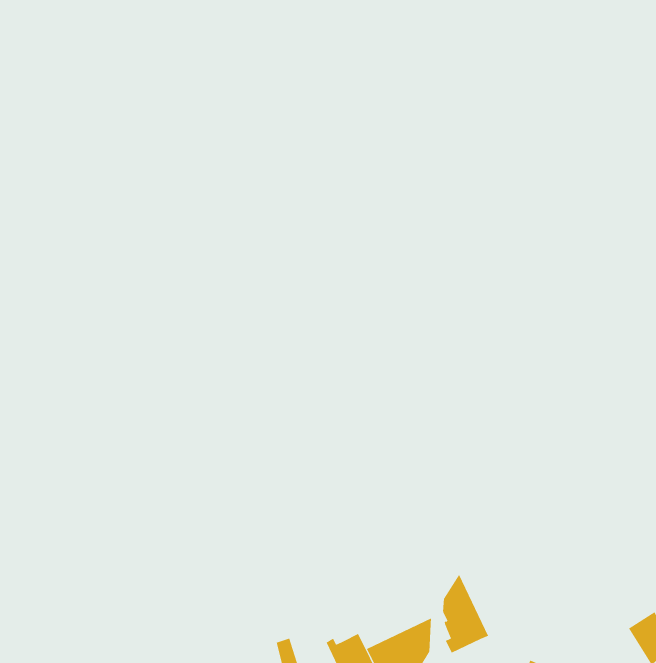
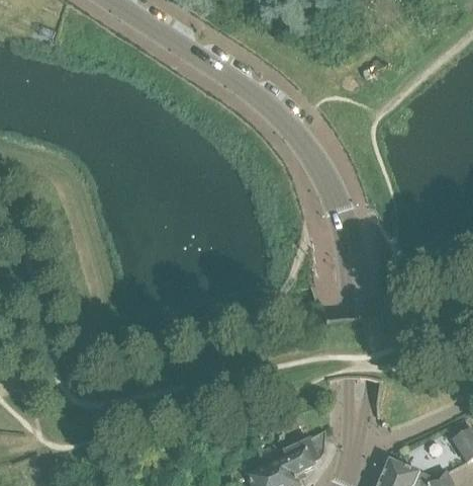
building: [443,574,489,653] -> none

